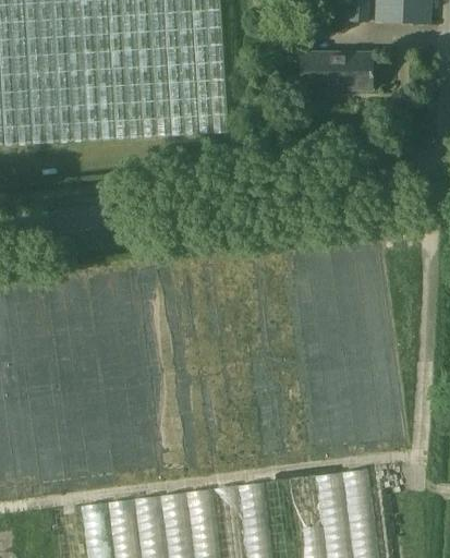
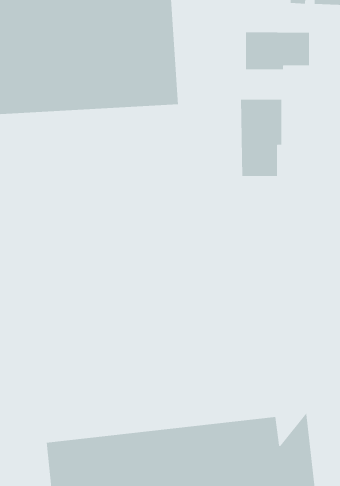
building: none -> [240,99,282,177]

